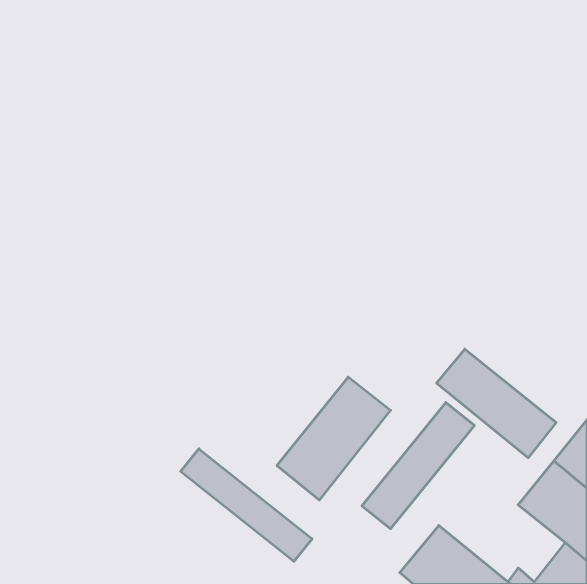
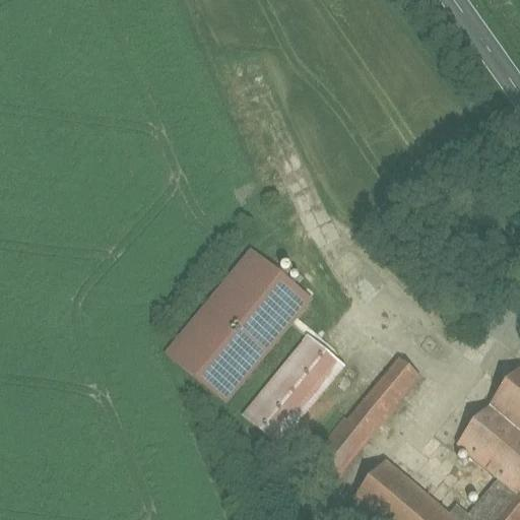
building: none -> [166,248,312,401]
building: [437,349,556,458] -> none
building: [181,449,312,561] -> none

